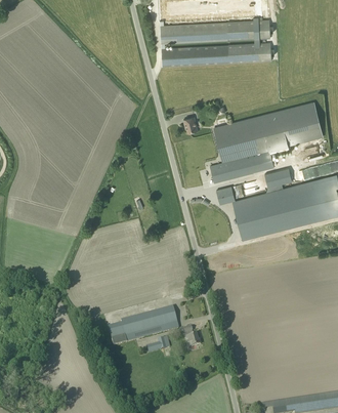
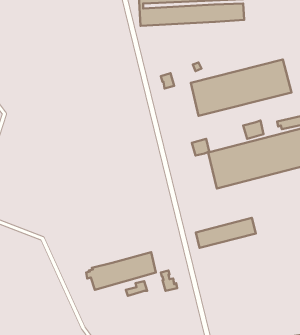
building: [210,151,273,182] -> [196,218,256,248]

